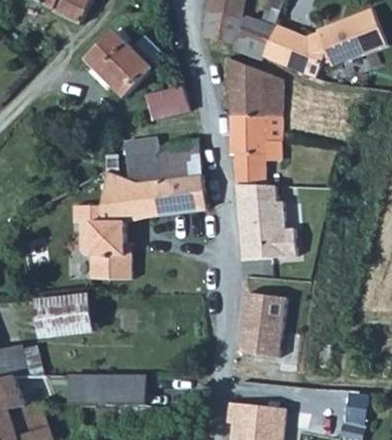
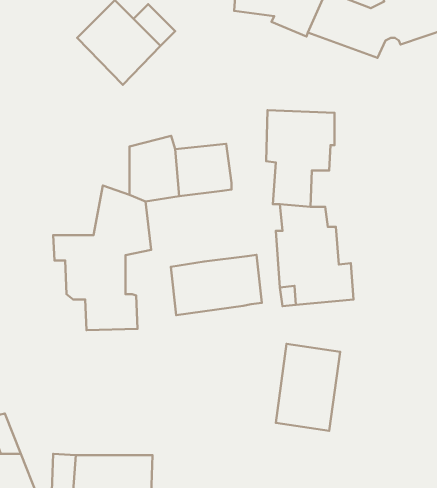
building: [230,59,282,115] -> none
building: [145,82,191,114] -> none
building: [138,173,207,218] -> [171,255,262,315]
building: [37,294,95,337] -> none

